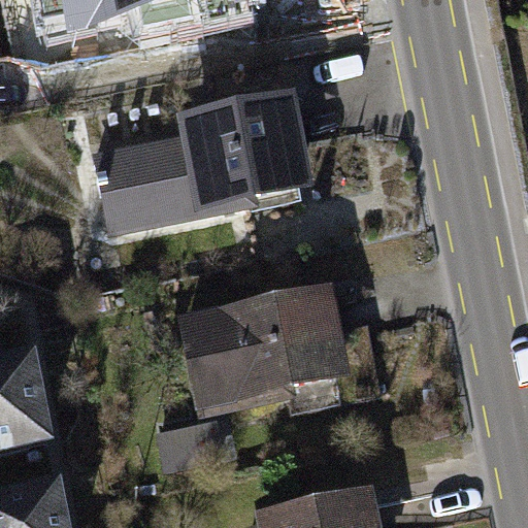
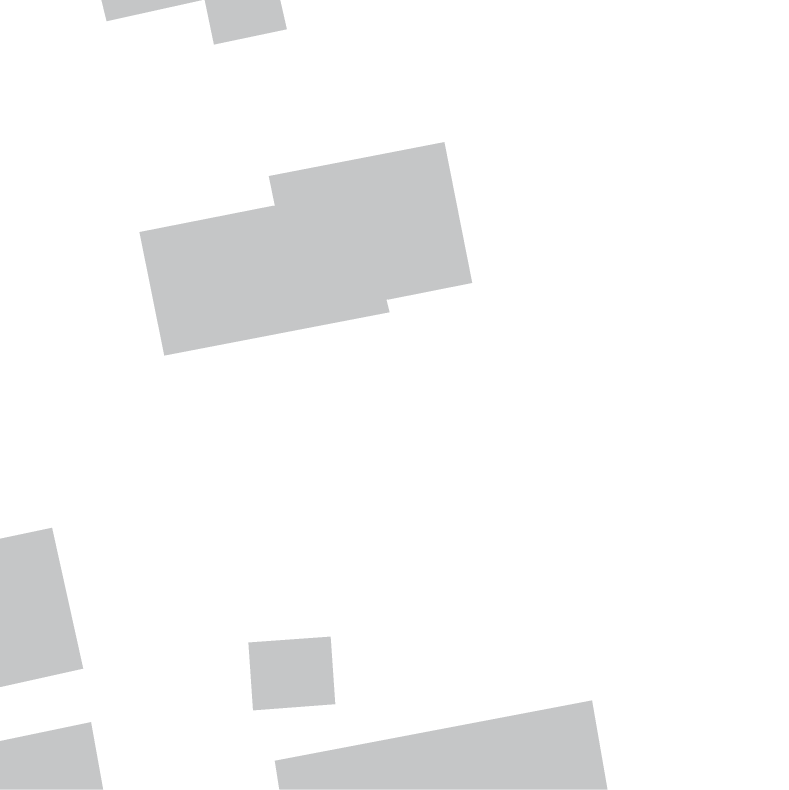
building: [177,286,353,420] -> none

